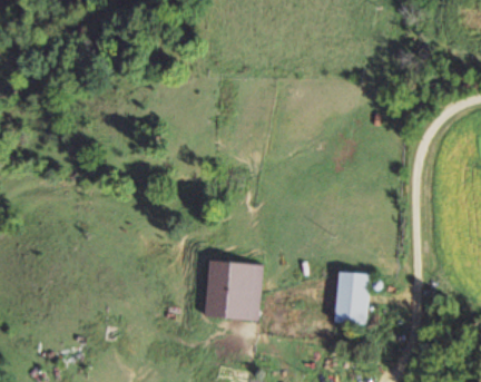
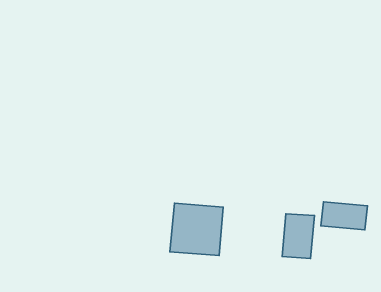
building: none -> [321,202,367,230]

